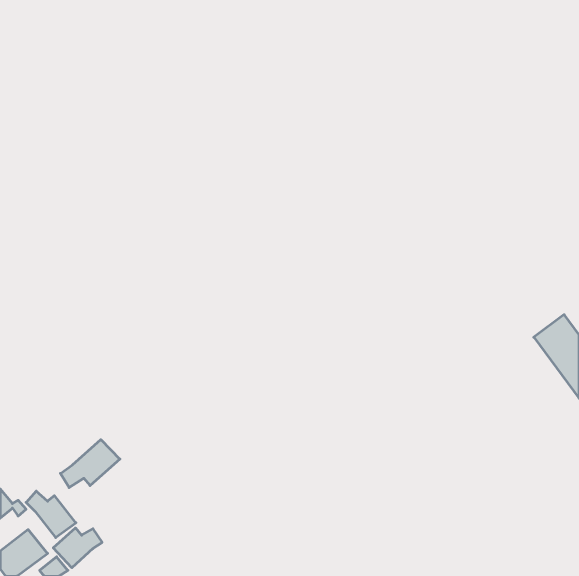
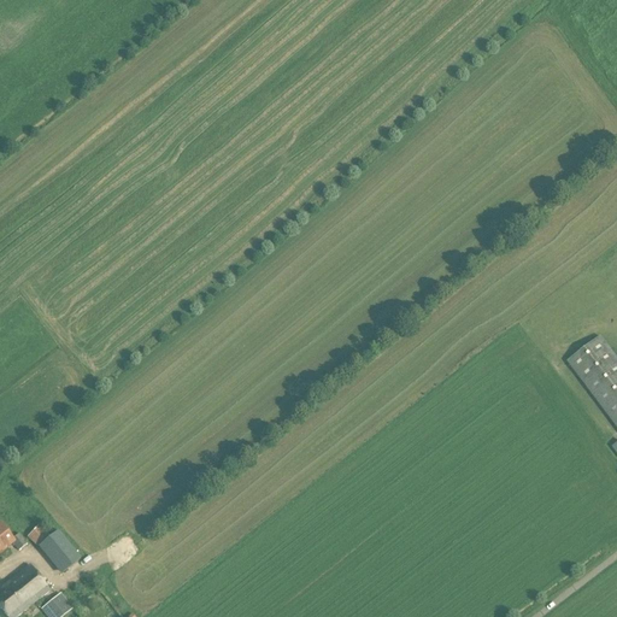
building: [60,440,120,488] -> none
building: [53,528,102,568] -> none

